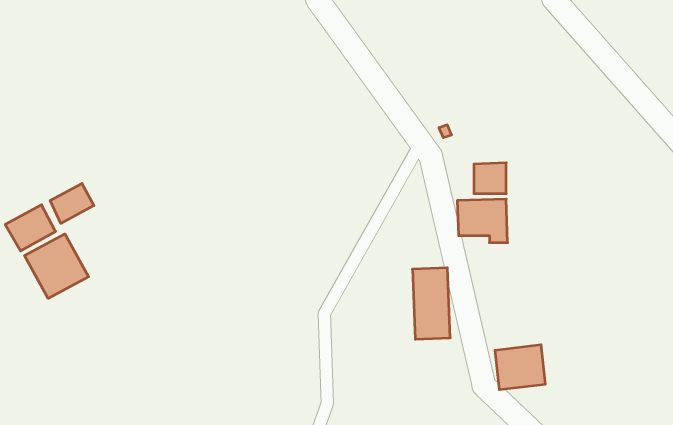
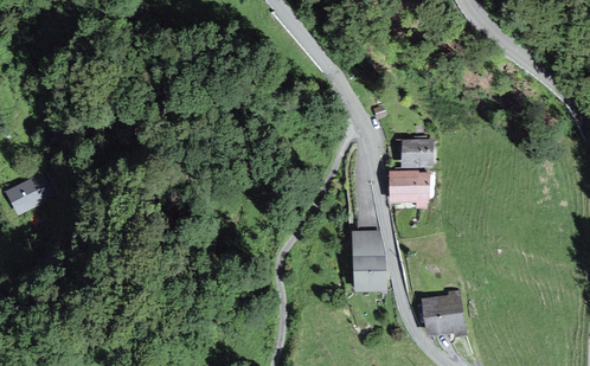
building: [50,183,94,223] -> none
building: [25,234,89,298] -> none

